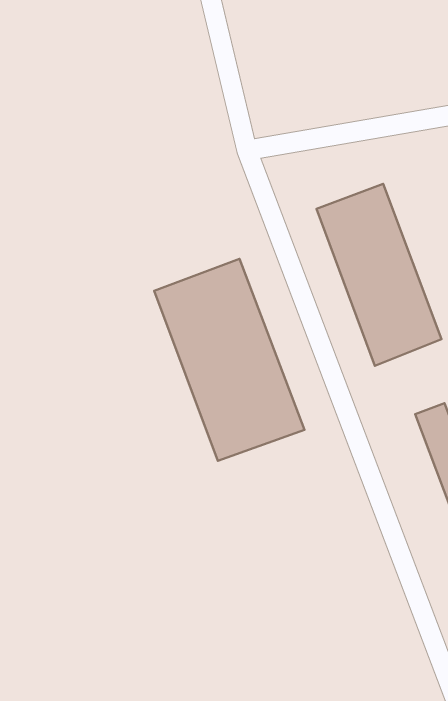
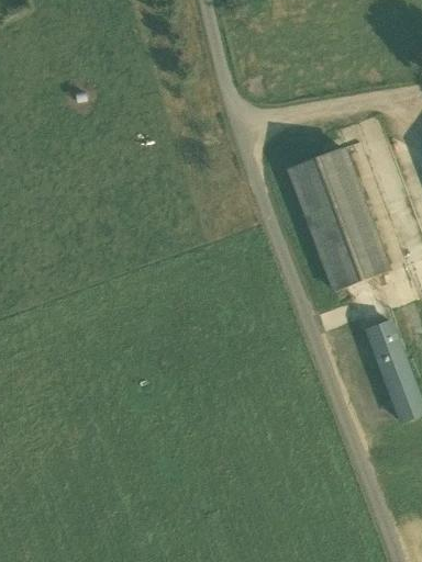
building: [154,259,304,461] -> none

